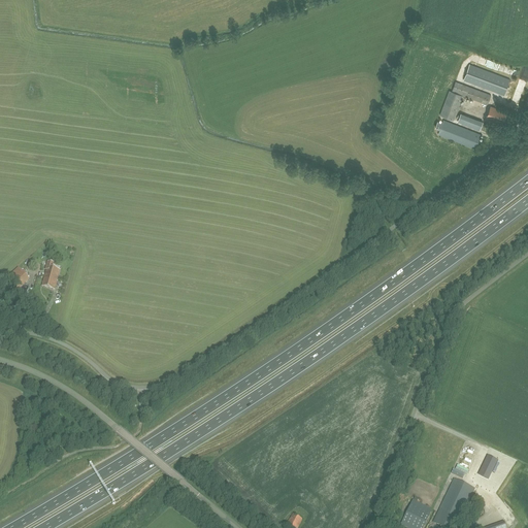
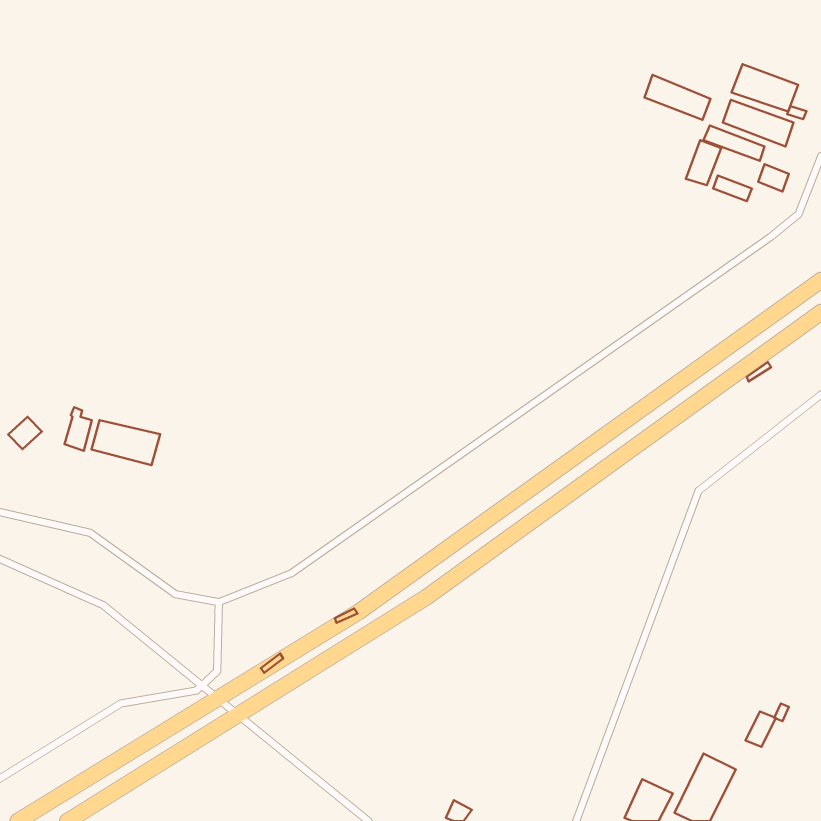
building: none -> [731,64,798,112]
building: [437,119,480,147] -> [645,75,711,120]
building: none -> [92,420,160,465]

